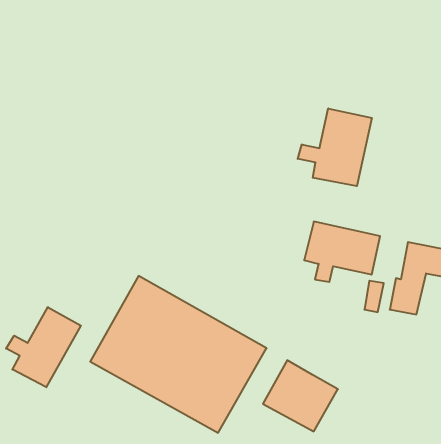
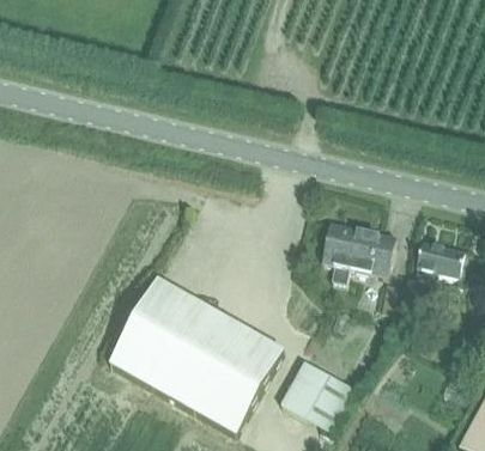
building: [298,108,372,186] -> none
building: [6,307,81,387] -> none

